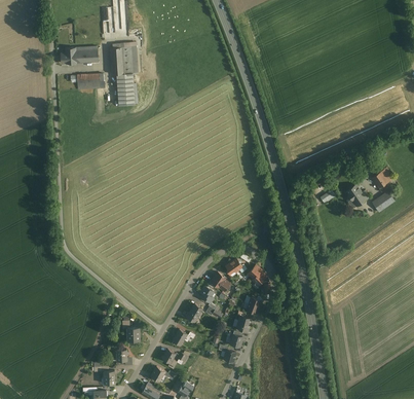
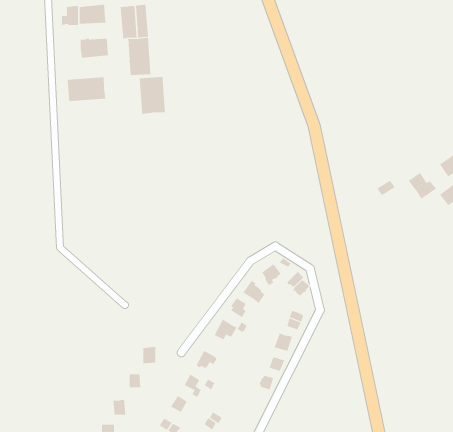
building: none -> [139,76,165,115]
building: none -> [67,77,106,102]

